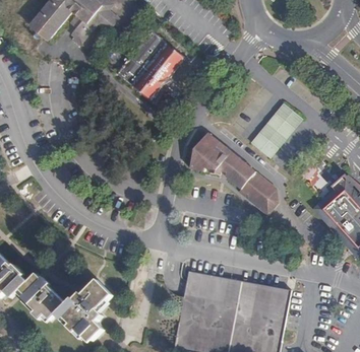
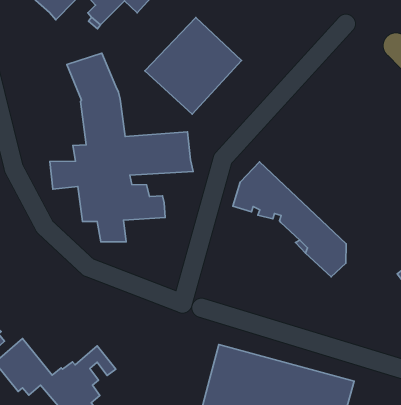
building: none -> [50,53,193,242]
building: [253,104,301,156] -> none

